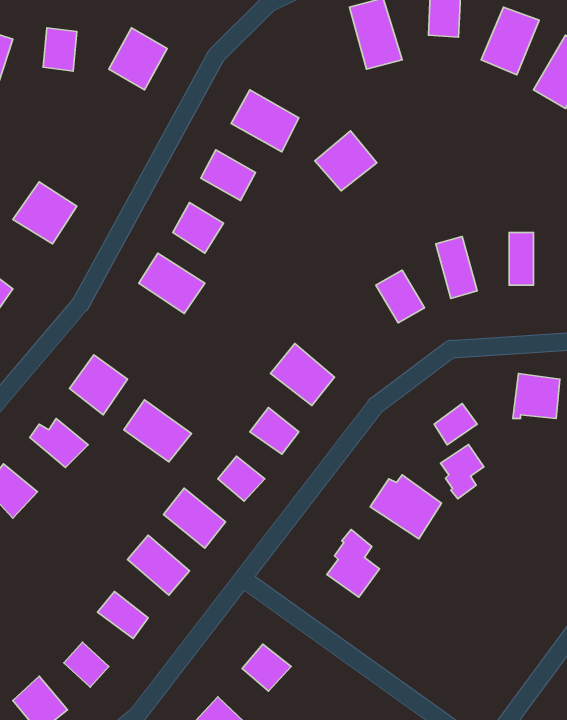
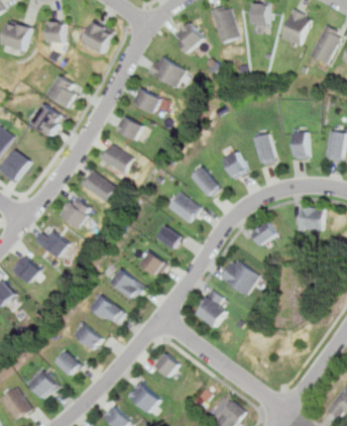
building: none -> [44,76,75,110]
building: [315,131,377,191] -> [169,22,203,55]
building: none -> [192,167,222,198]
building: [124,400,191,462] -> [77,169,113,202]
building: [440,445,484,499] -> none

